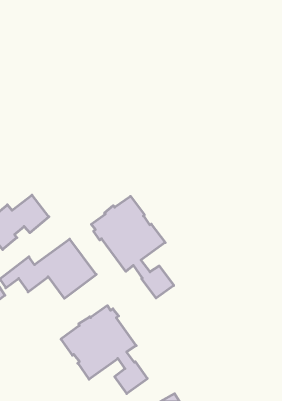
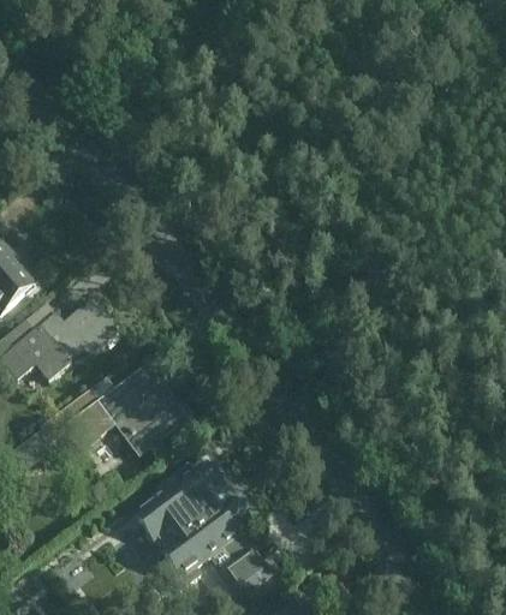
building: [91,196,174,298] -> none

